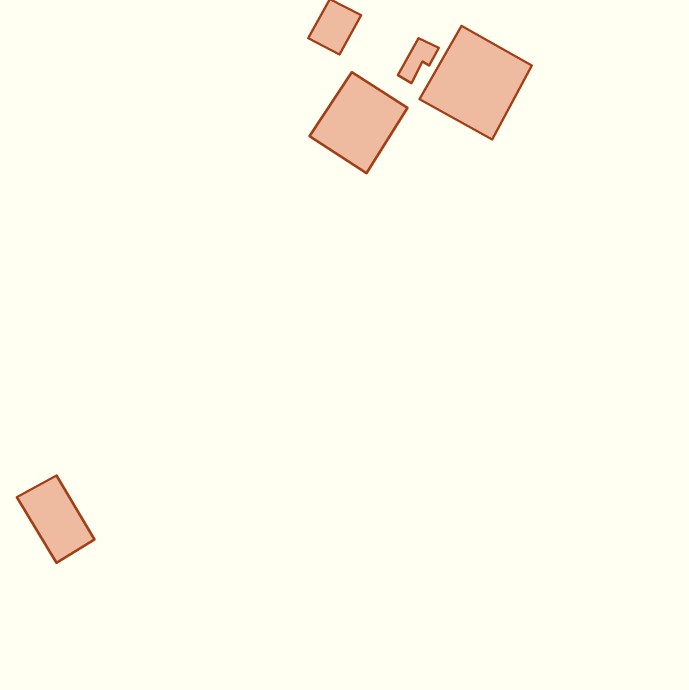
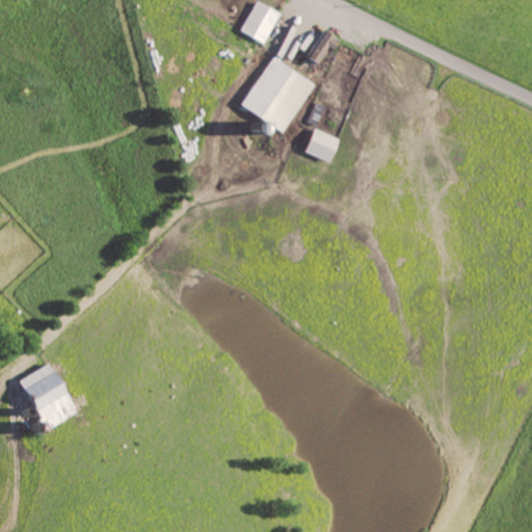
building: [419,26,532,140] -> none
building: none -> [303,127,339,162]

